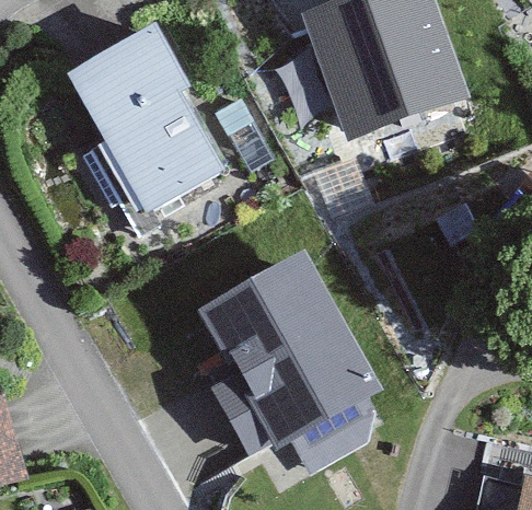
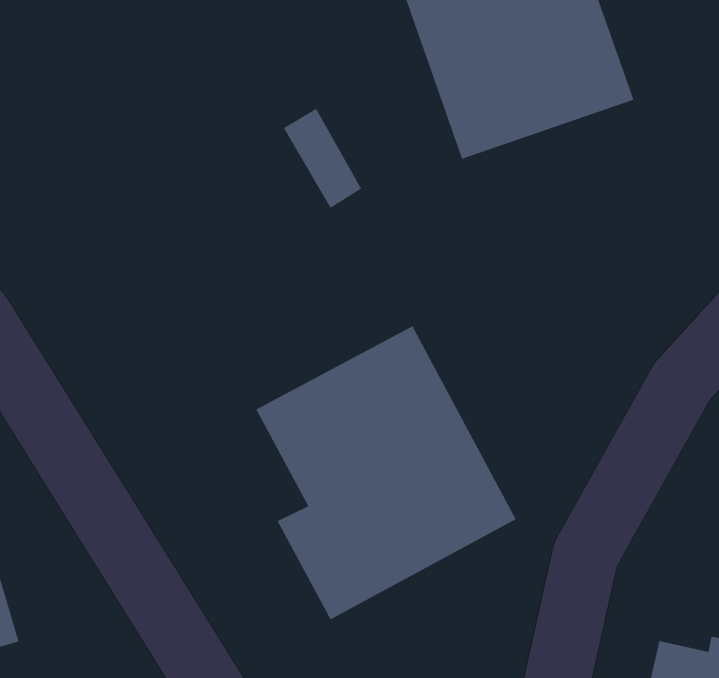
building: [66,30,228,215] -> none

